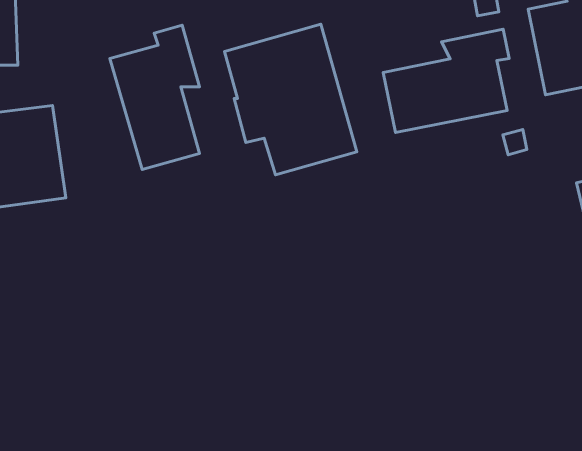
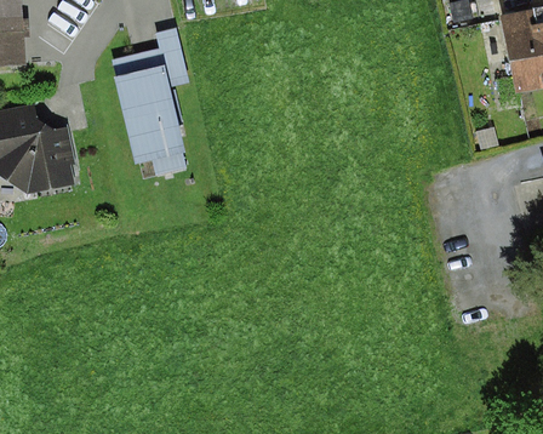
building: [224,24,357,175] -> none
building: [383,29,509,132] -> none

